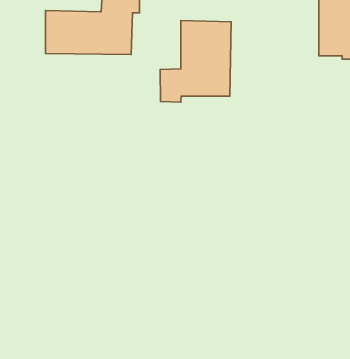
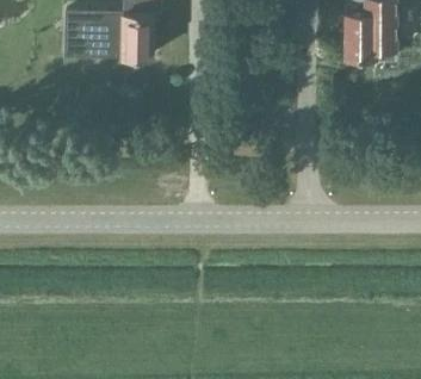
building: [160,21,231,102] -> none

